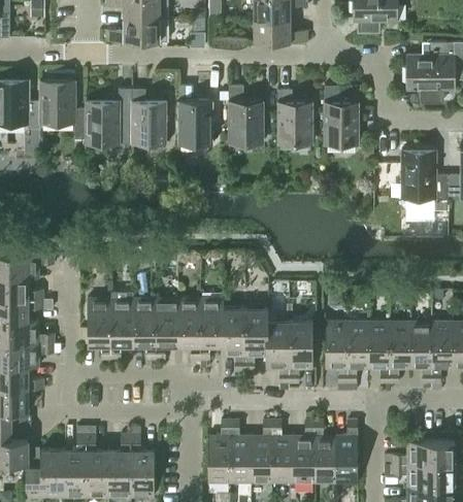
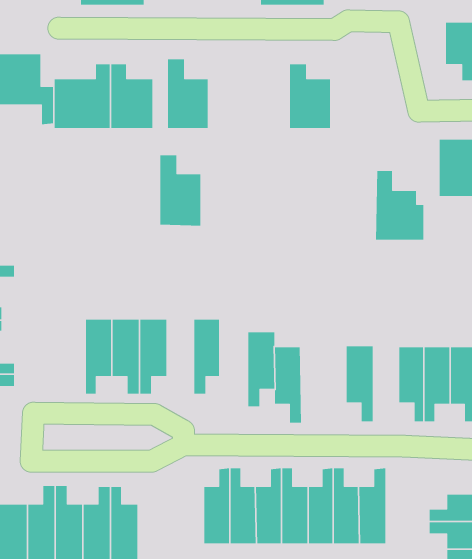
building: [229,85,263,143] -> [160,155,201,226]
building: [324,86,364,143] -> [375,170,424,241]
building: [88,298,111,360] -> none
building: [178,298,200,360] -> none
building: [221,308,244,371] -> none
building: [348,320,368,382] -> none
building: [288,321,312,383] -> none

